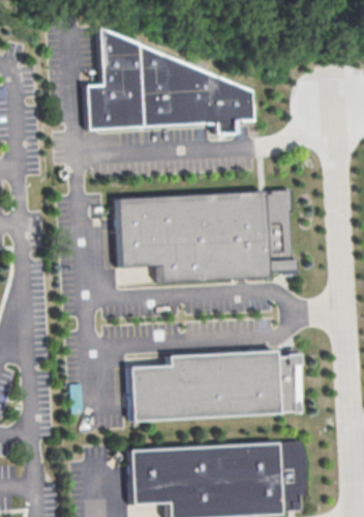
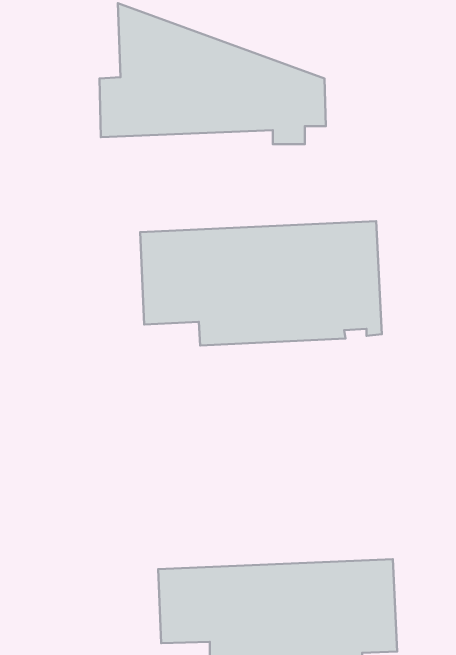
building: [127,349,301,419] -> none

